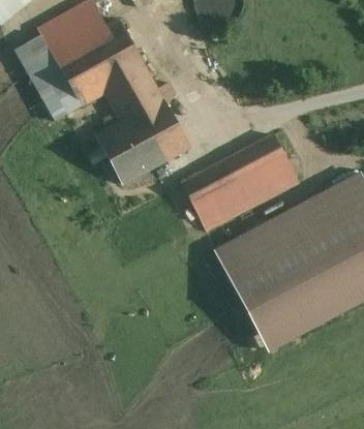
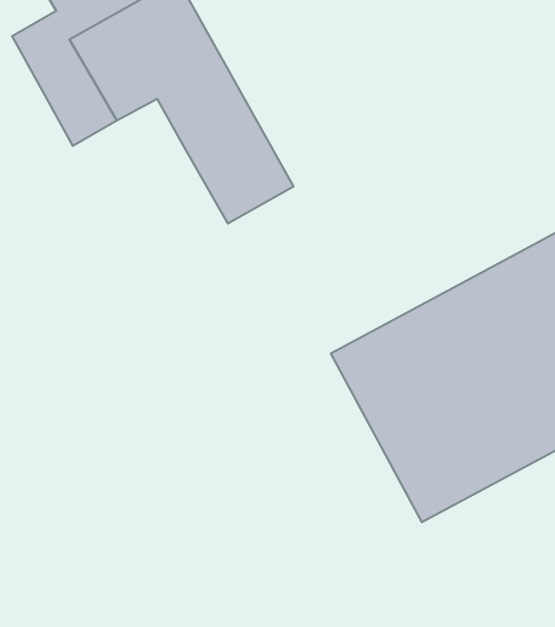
building: [95,119,149,182] -> none
building: [180,133,299,231] -> none

